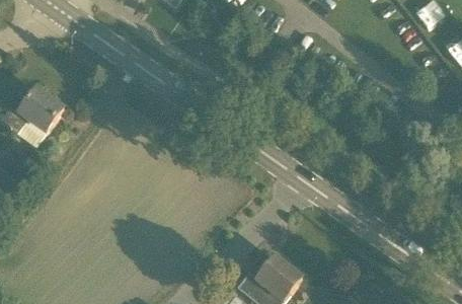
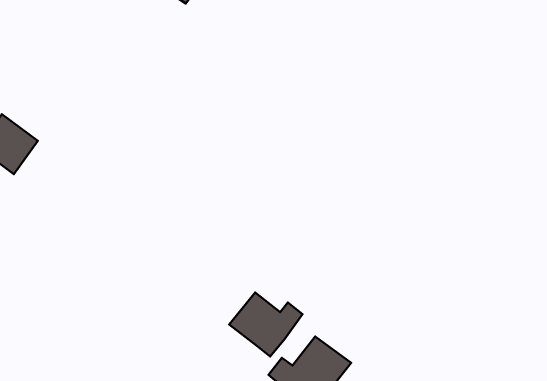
building: none -> [229,293,303,356]

